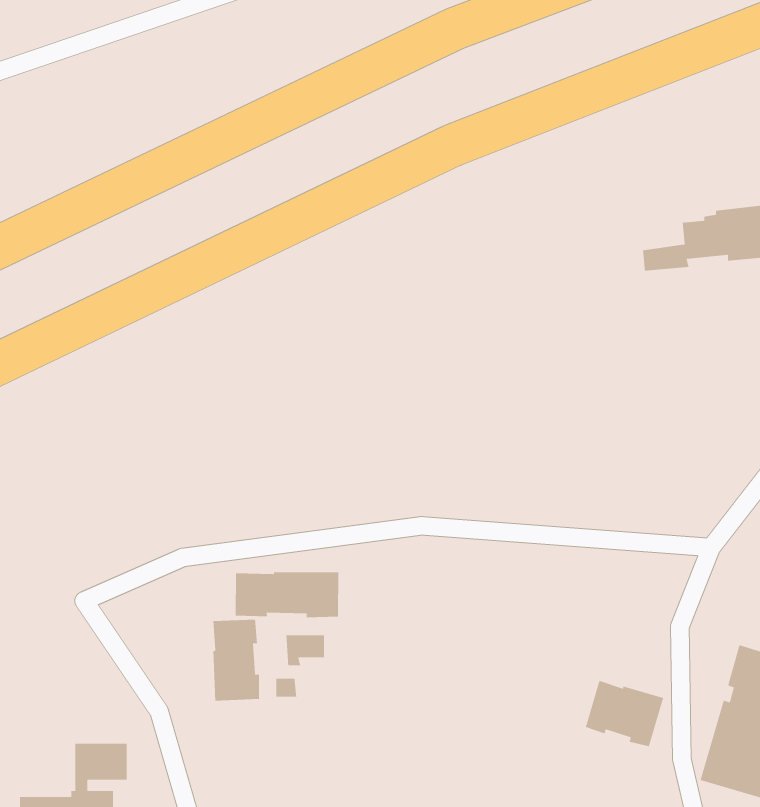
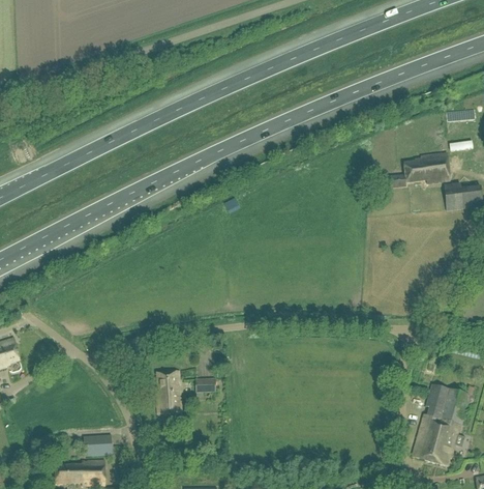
building: [235,571,339,618] -> none
building: [585,680,664,747] -> none

